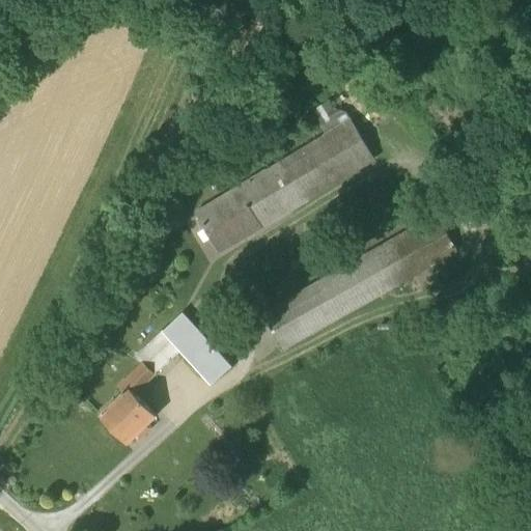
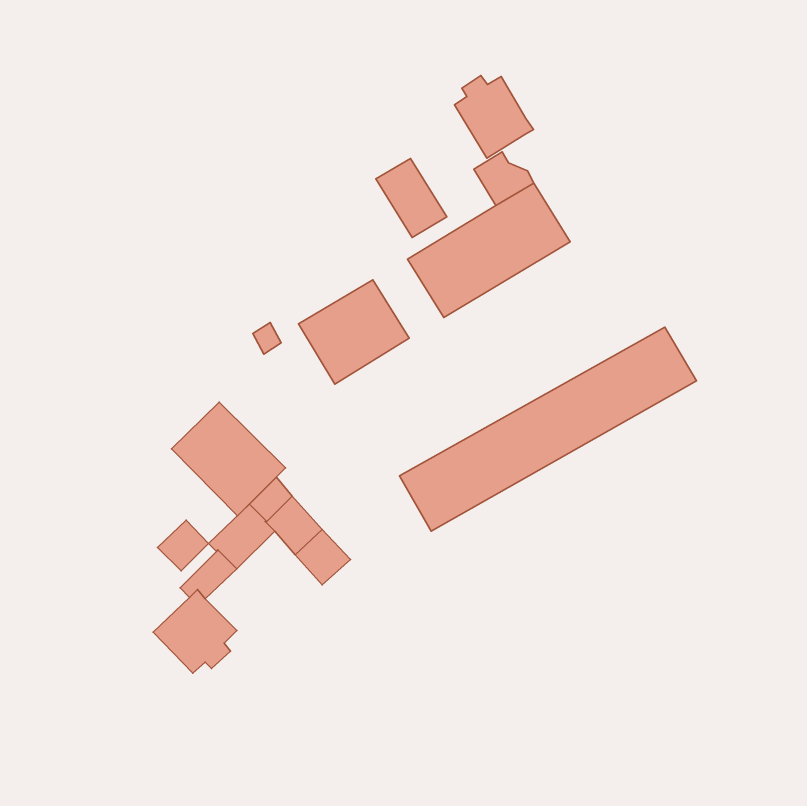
building: none -> [454,76,534,158]
building: [245,170,291,222] -> [376,158,447,237]
building: none -> [171,402,285,516]
building: none -> [158,520,208,571]

